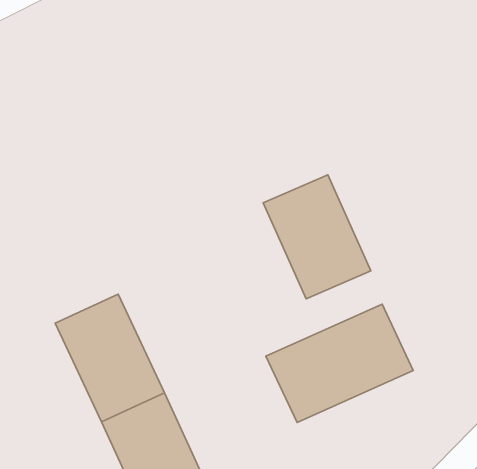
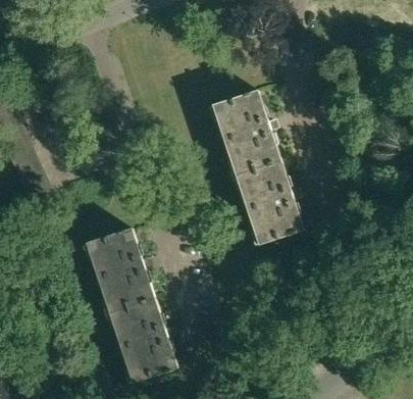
building: none -> [211,91,280,177]
building: [266,304,413,422] -> none

